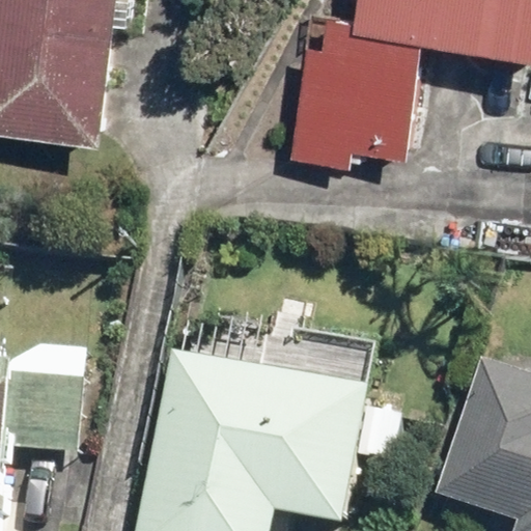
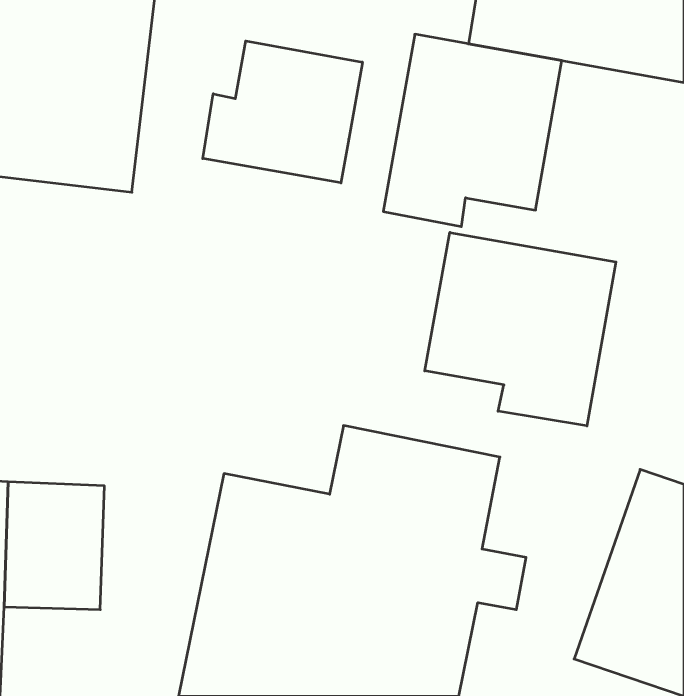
building: none -> [203,41,362,183]
building: none -> [425,232,616,426]

